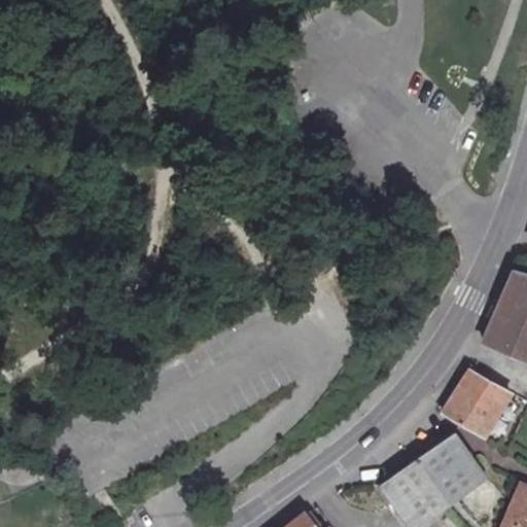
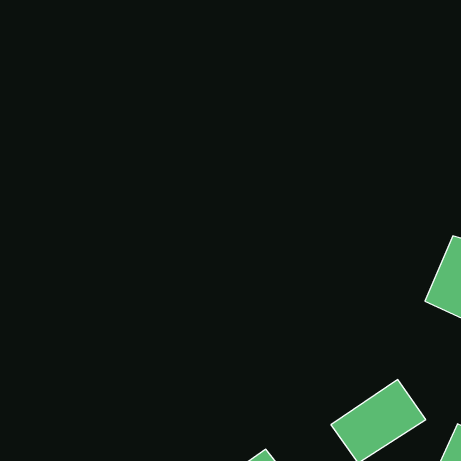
building: [442,372,511,435] -> none

